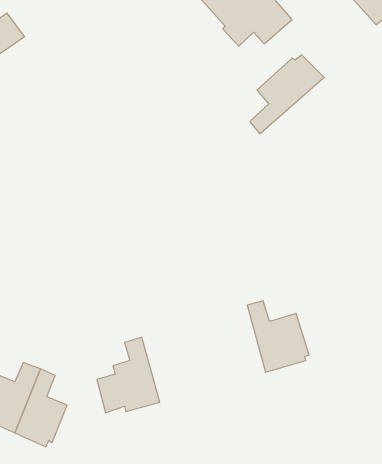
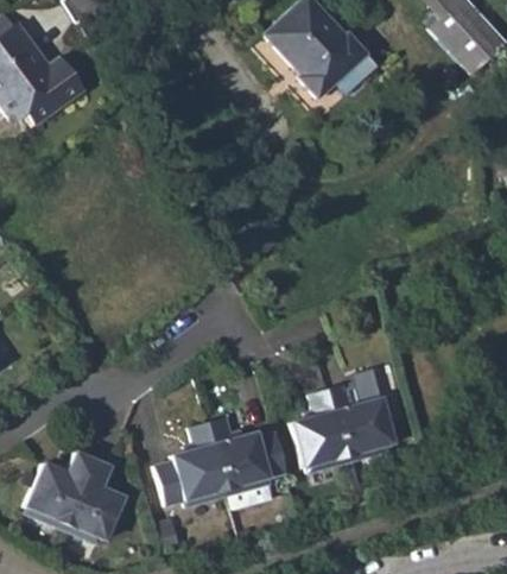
building: [250,55,324,134] -> none
building: none -> [292,385,347,471]
building: none -> [209,416,287,507]

